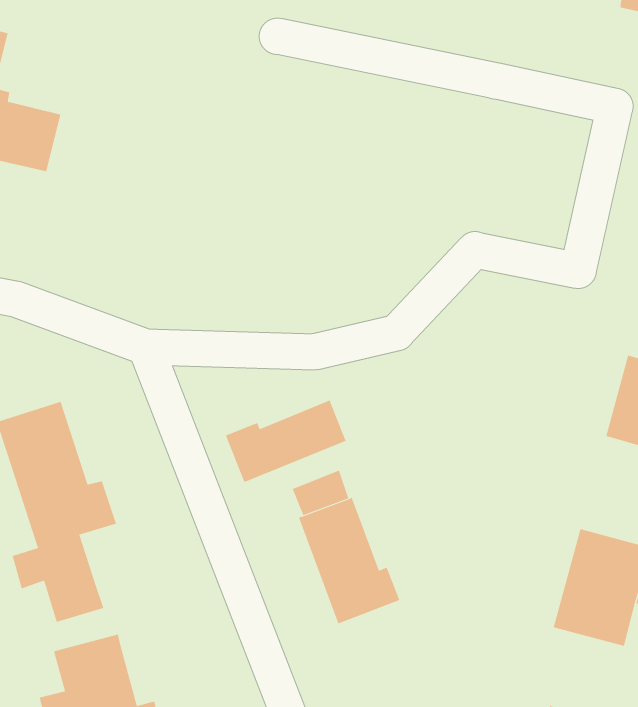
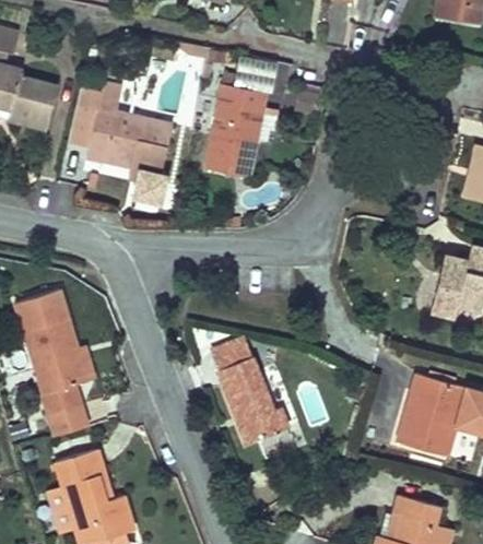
building: none -> [70,81,173,199]
building: none -> [210,85,269,176]
building: [225,400,347,483] -> none

